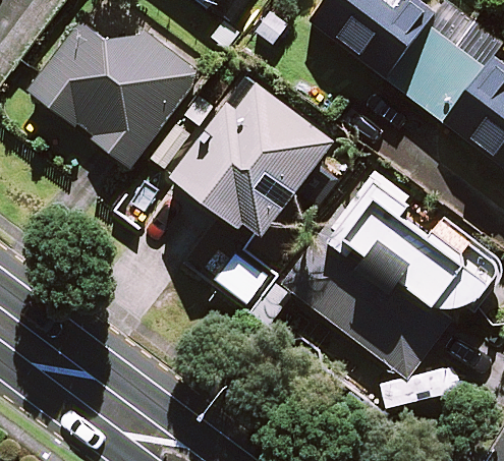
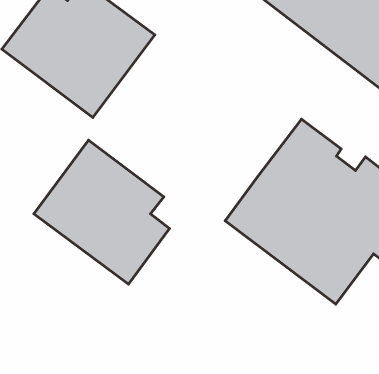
building: [173,82,334,231] -> none
building: none -> [34,140,170,284]

